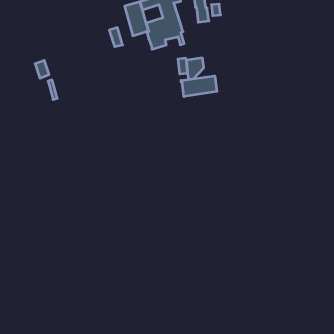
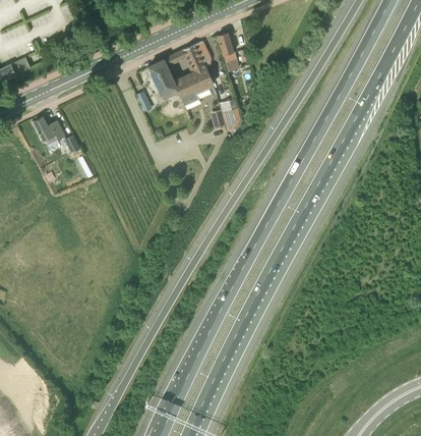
building: none -> [34,117,64,142]
building: [181,76,217,97] -> none

